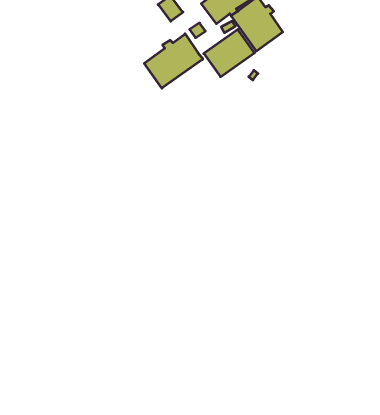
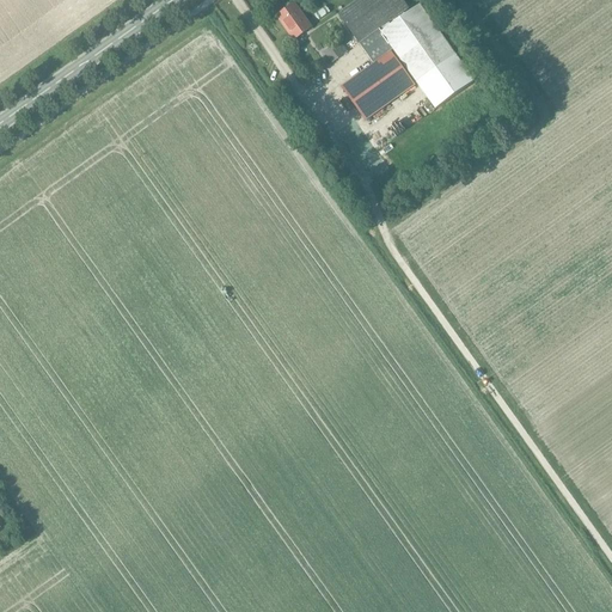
building: none -> [416,53,473,105]
building: [144,34,203,88] -> none

